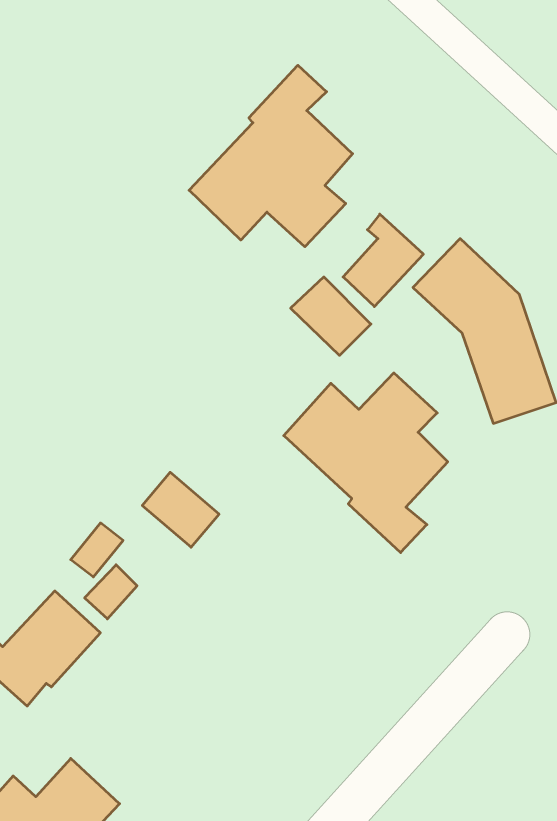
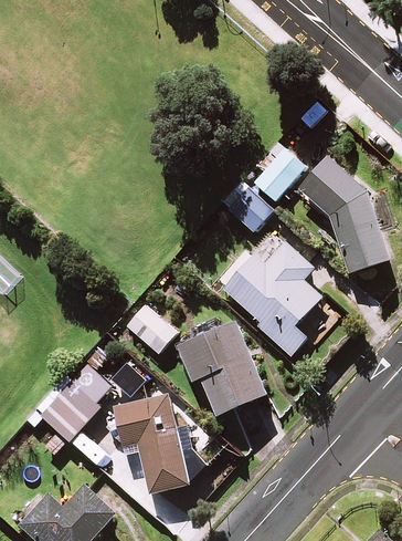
building: [189,65,353,247] -> none
building: none -> [178,320,267,415]
building: none -> [114,393,189,492]

